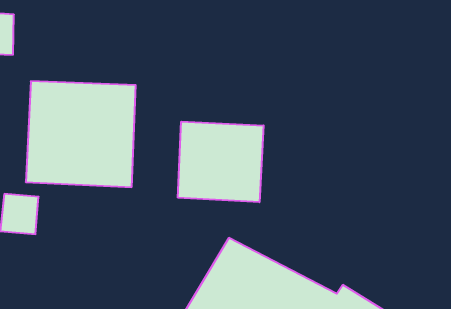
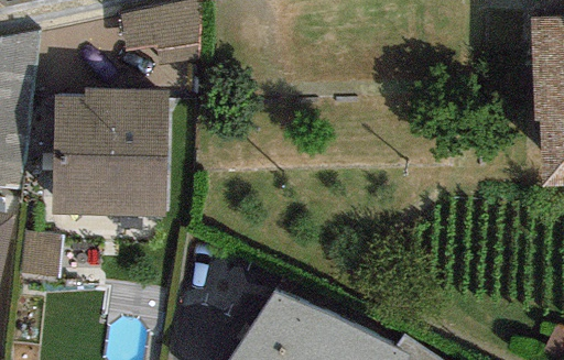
building: [178,122,264,202] -> none

